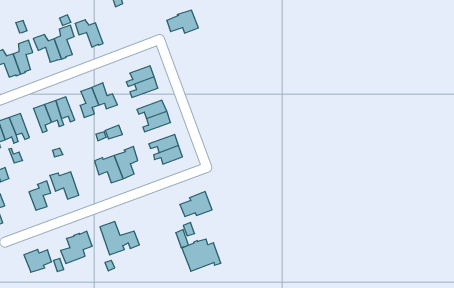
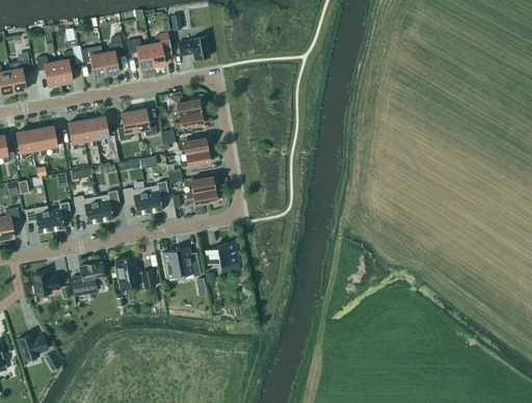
building: [167,10,198,33] -> [178,36,210,59]
building: none -> [149,33,171,66]
building: none -> [96,190,119,222]
building: none -> [25,206,52,234]
building: [182,239,221,271] -> [162,247,201,278]

